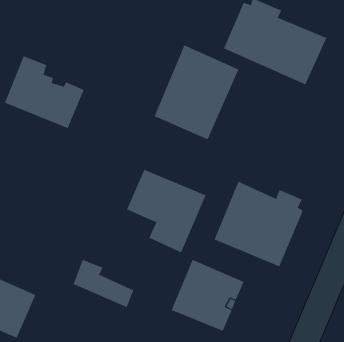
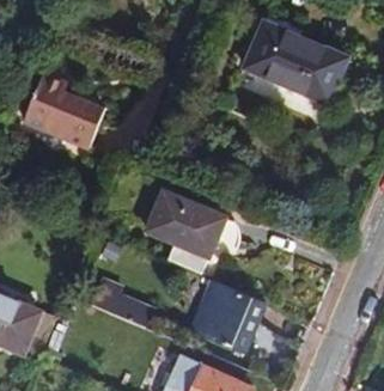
building: [154,45,239,140] -> none
building: [214,181,304,267] -> none

